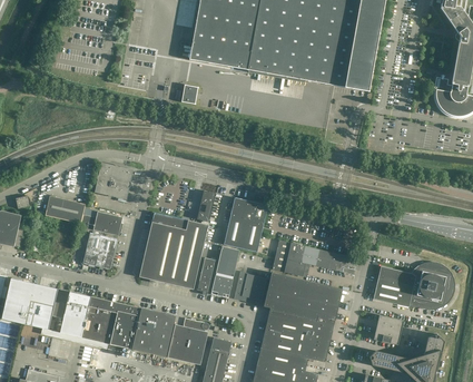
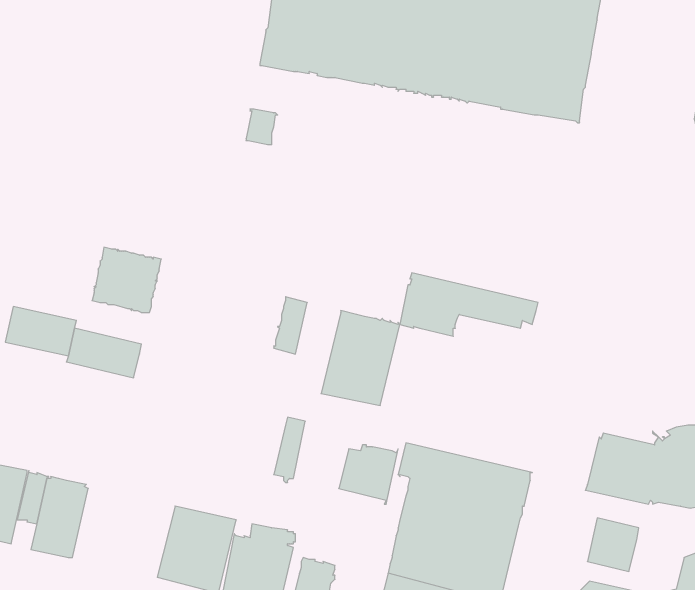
building: [140,213,208,290] -> none
building: [83,233,118,270] -> none
building: [273,241,351,276] -> [400,273,538,336]
building: [211,246,239,297] -> none
building: [83,296,140,349] -> none

